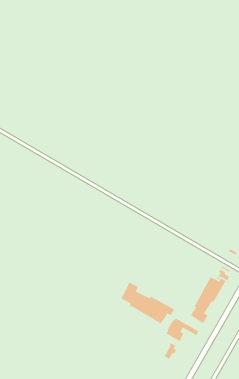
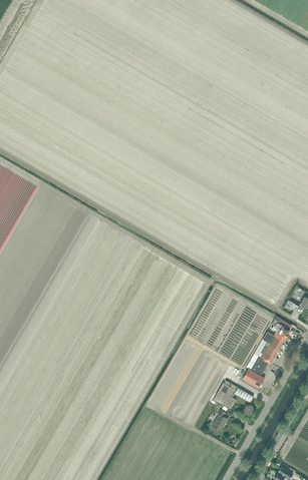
building: [120,281,175,325] -> none

